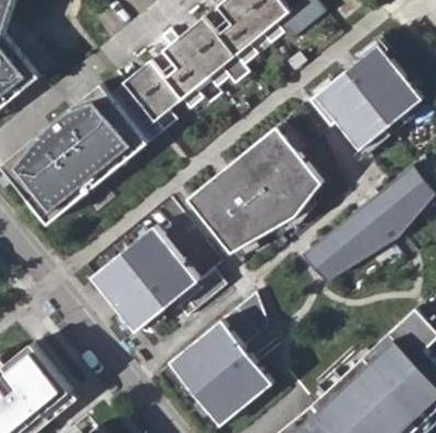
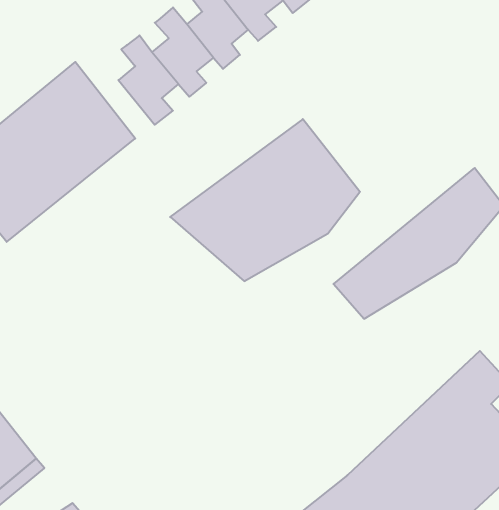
building: [315,45,423,151] -> none
building: [90,227,226,333] -> none
building: [169,293,274,426] -> none

